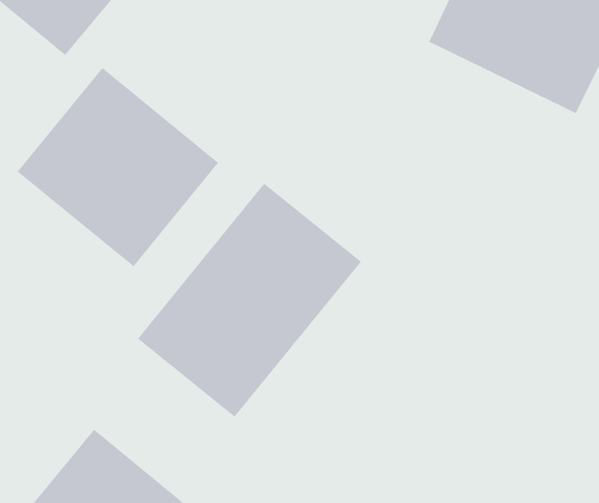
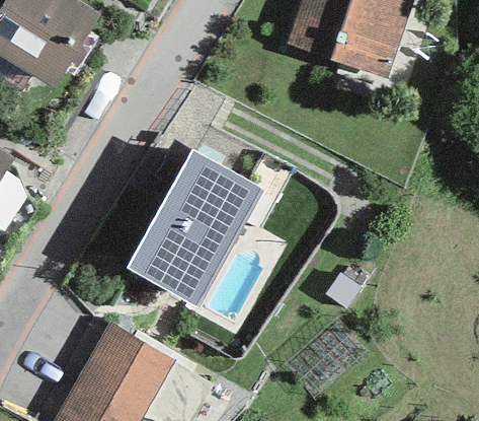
building: [17,67,219,267] -> none

